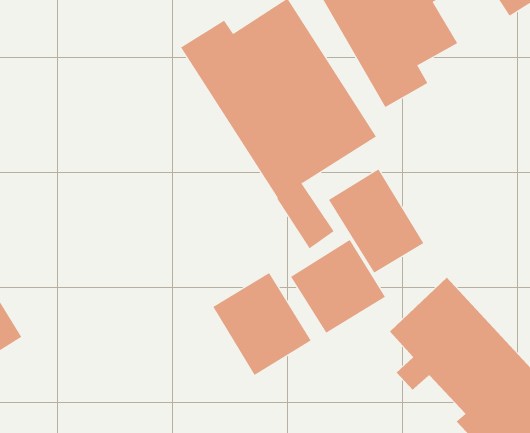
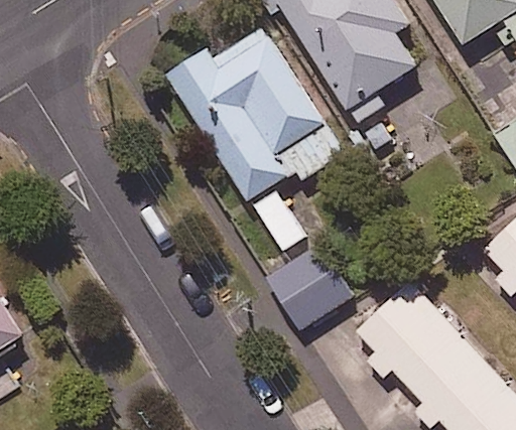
building: [328,168,424,273] -> none
building: [213,272,312,376] -> none

